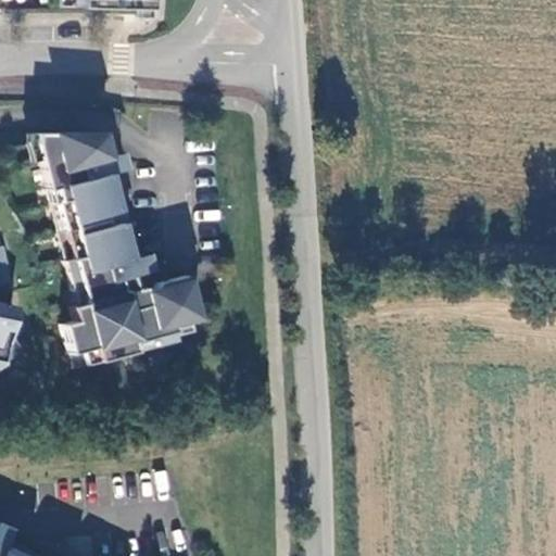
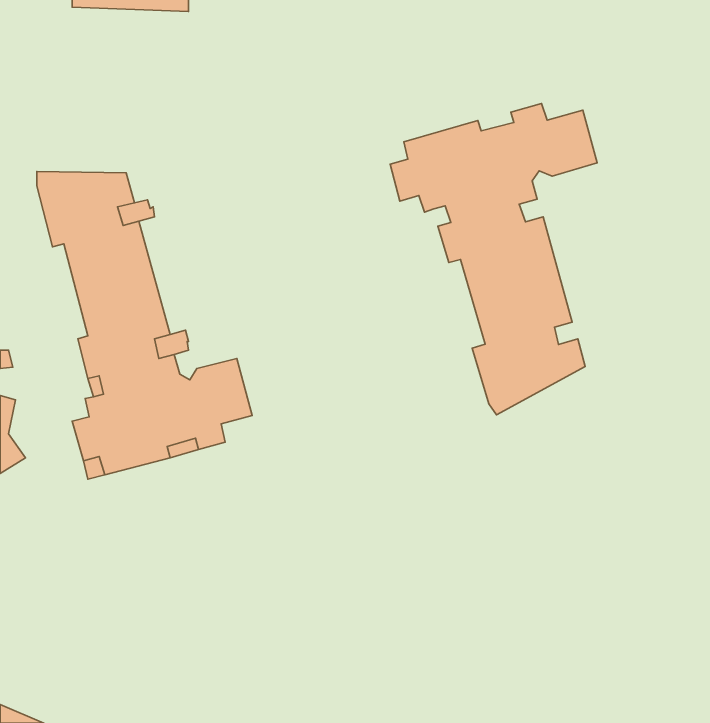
building: none -> [390,103,597,415]

